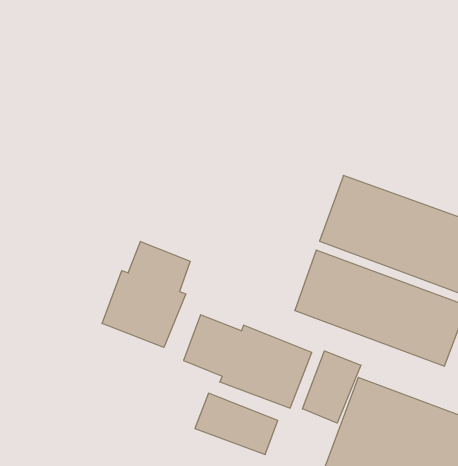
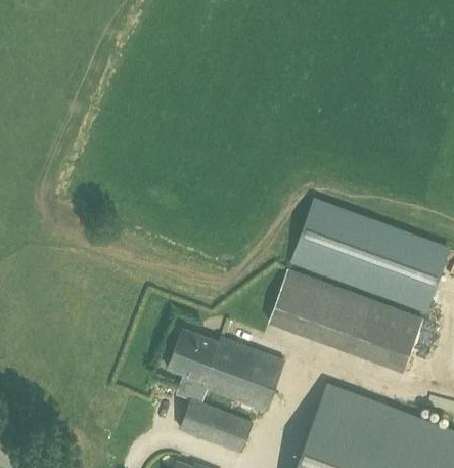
building: [102,241,190,347] -> none
building: [302,351,361,423] -> none

